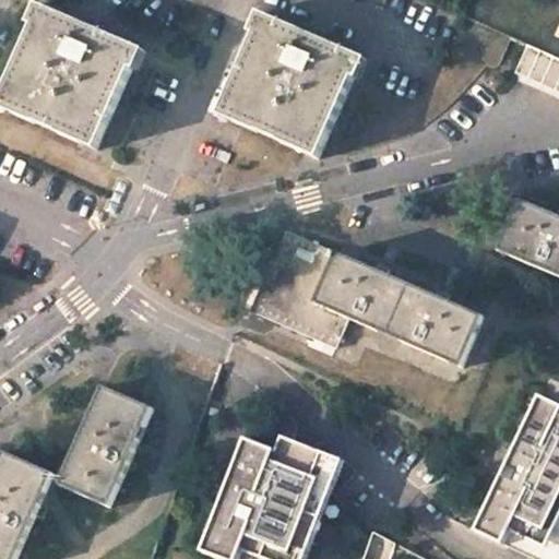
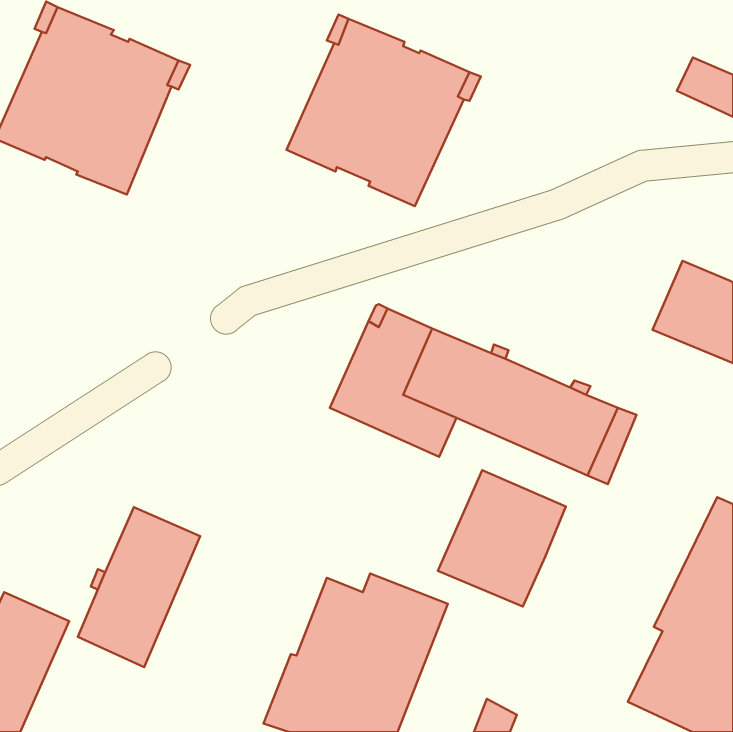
building: none -> [438,470,566,606]

